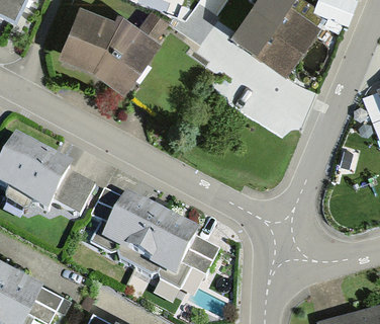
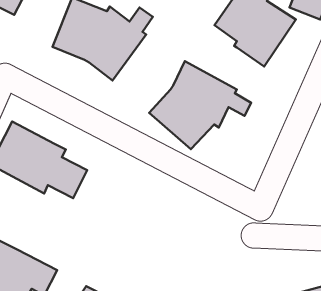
building: none -> [149,61,251,149]
building: [90,192,219,296] -> none

